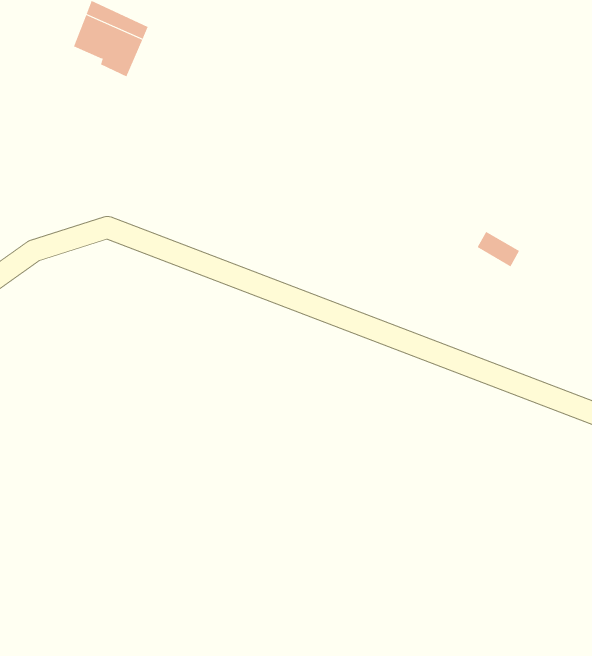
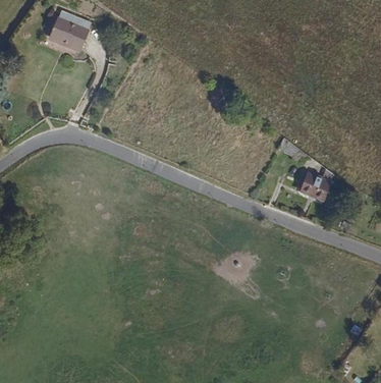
building: none -> [298,172,329,201]

